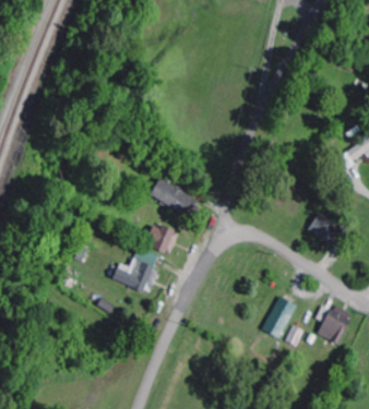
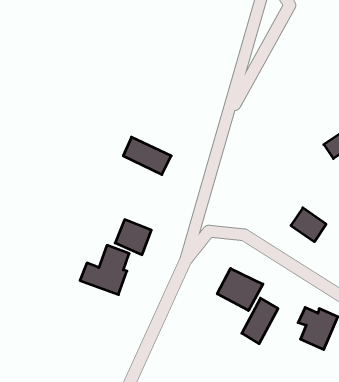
building: [151,179,195,214] -> [123,137,171,175]
building: none -> [217,268,263,311]

